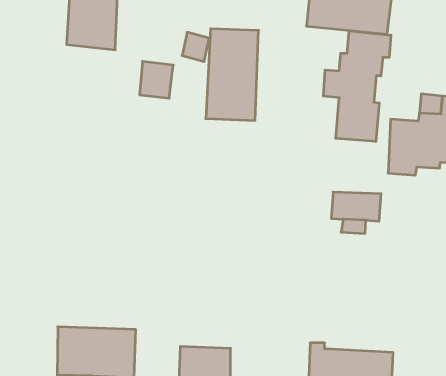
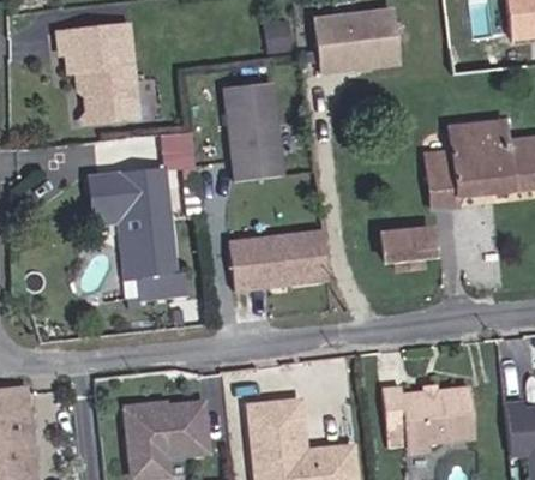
building: [323,31,391,142] -> none
building: none -> [101,167,185,293]
building: none -> [229,229,329,286]

